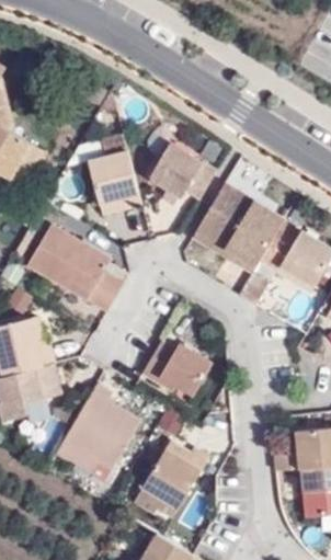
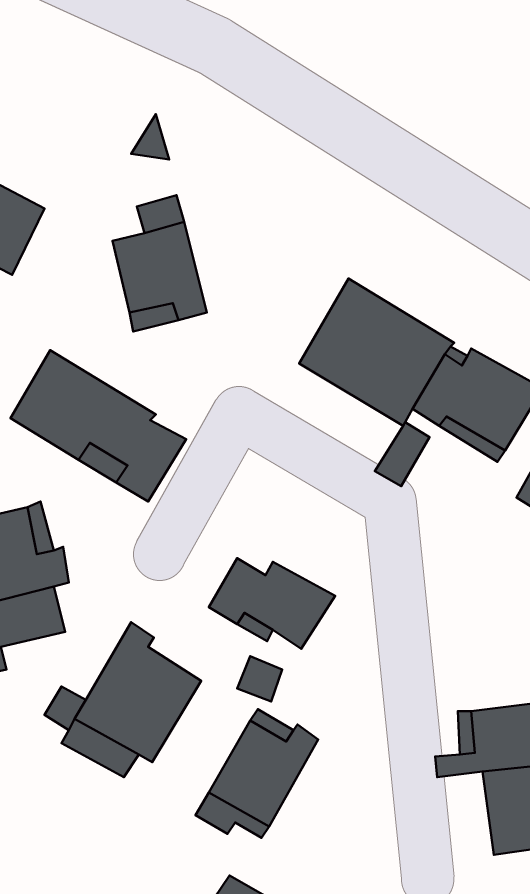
building: [149,145,216,201] -> none

